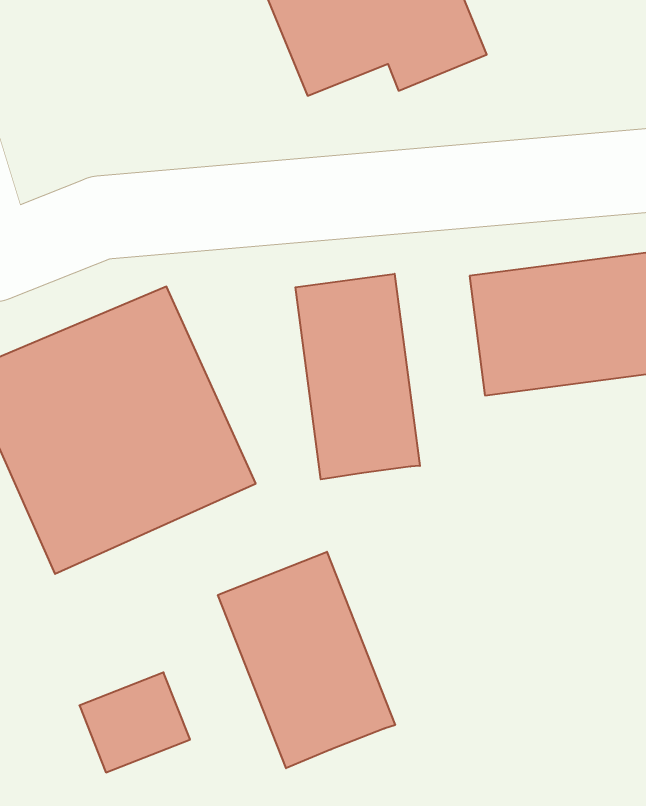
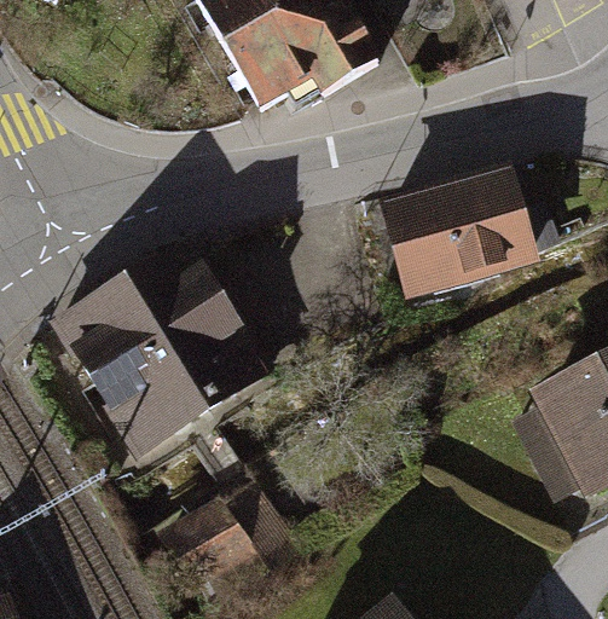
building: [295,274,420,479] -> none
building: [218,552,395,768] -> none

